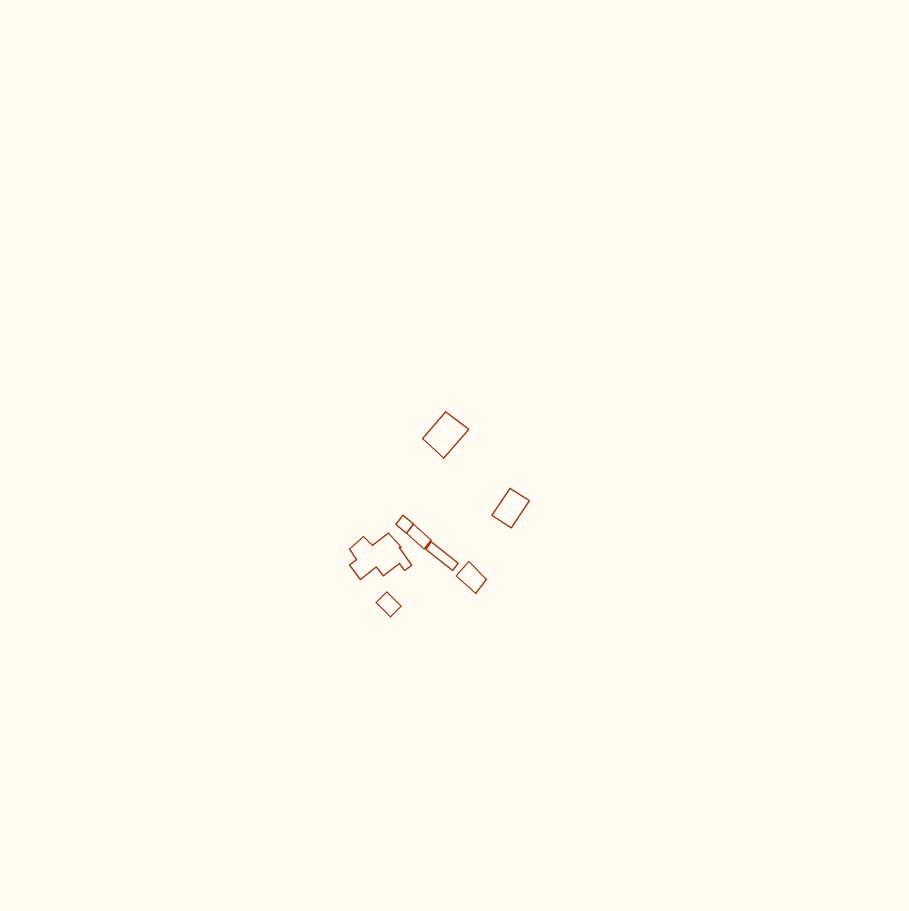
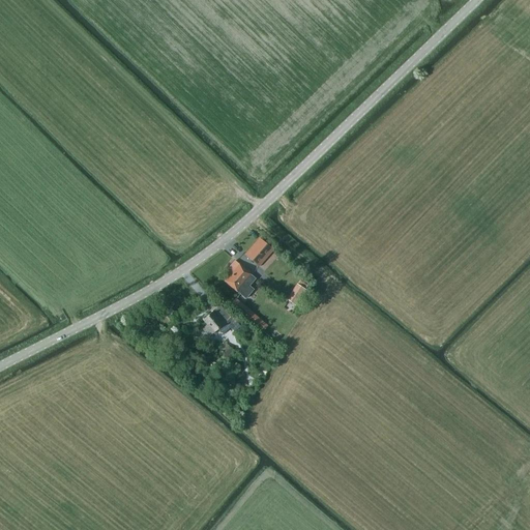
building: none -> [226,261,256,297]

